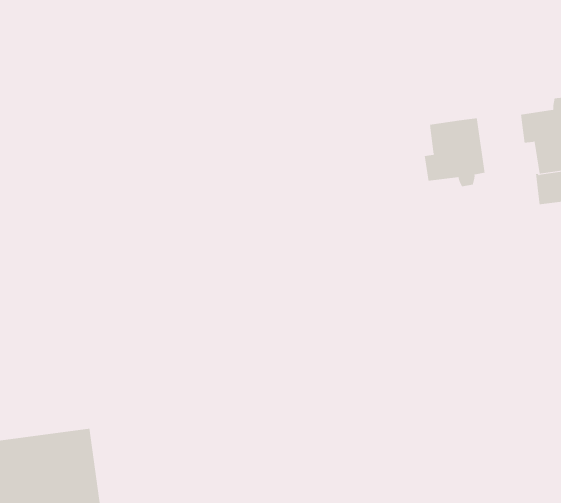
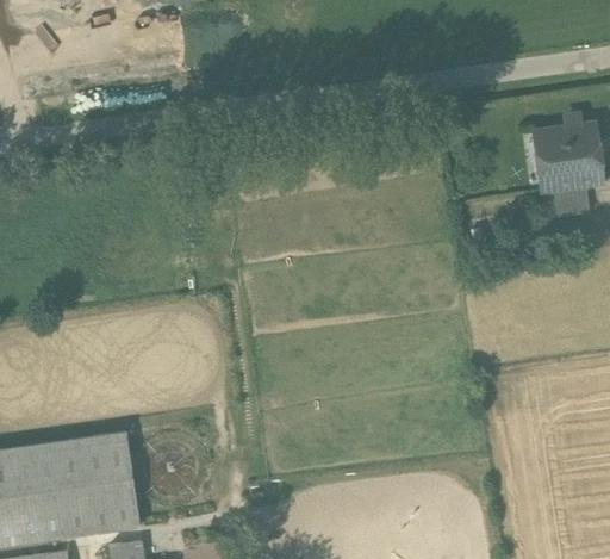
building: [424,117,485,187] -> none

